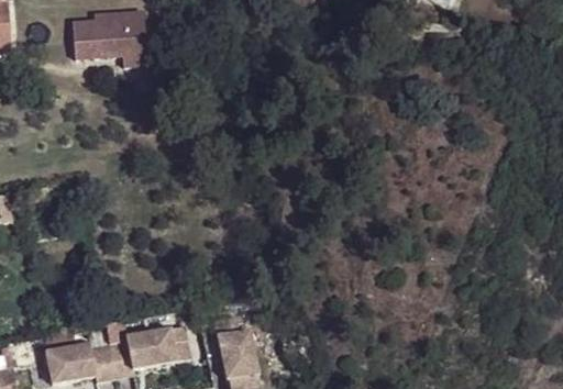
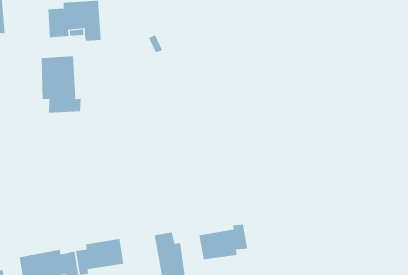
building: none -> [41,55,81,114]
building: none -> [199,224,248,260]

